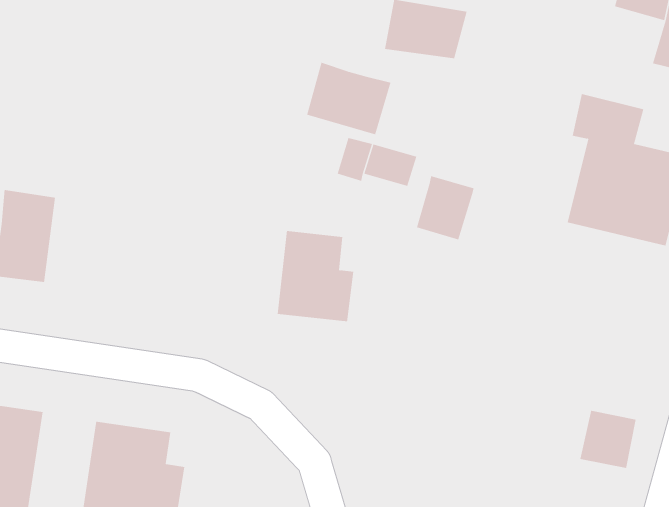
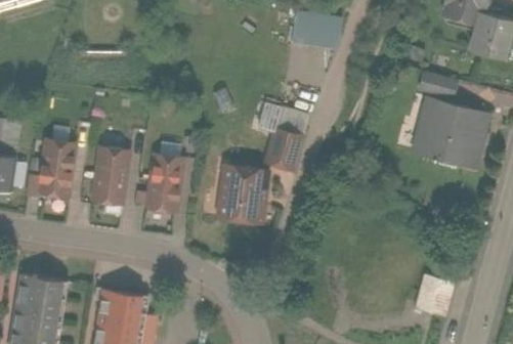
building: [307,62,391,135] -> none
building: [416,175,475,240] -> [267,124,305,166]
building: none -> [90,142,130,202]
building: none -> [133,149,184,211]

